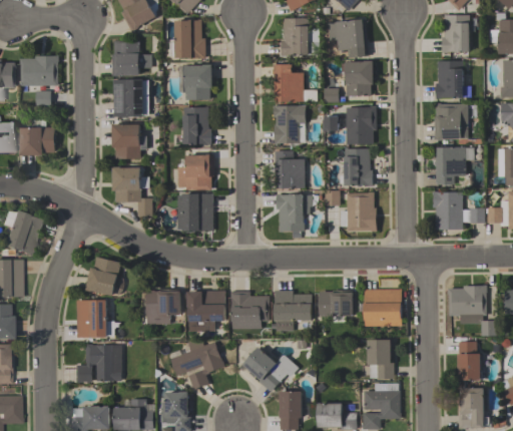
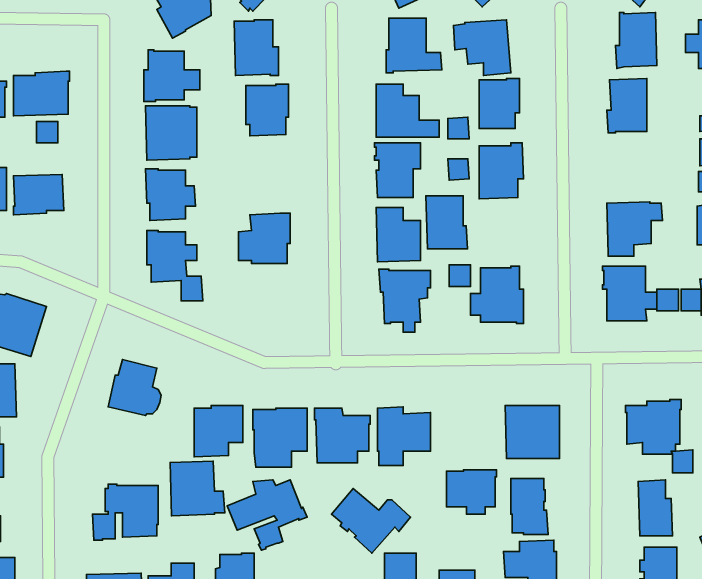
building: [434,103,468,140] -> none
building: [183,106,211,144] -> none
building: [344,148,373,185] -> [426,196,467,249]
building: [177,193,213,231] -> none
building: [319,291,354,322] -> [446,470,497,514]
building: [76,300,114,338] -> [170,461,225,516]

